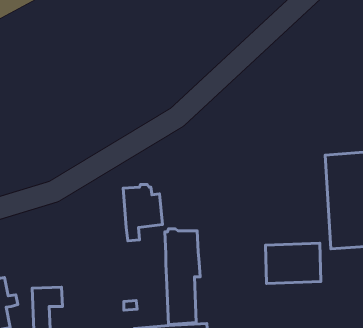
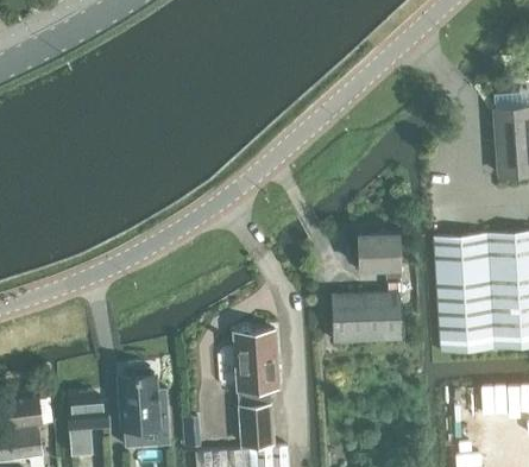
building: none -> [358,233,399,271]
building: [123,184,162,241] -> [119,377,168,447]
building: [266,243,321,283] -> [332,292,401,342]

